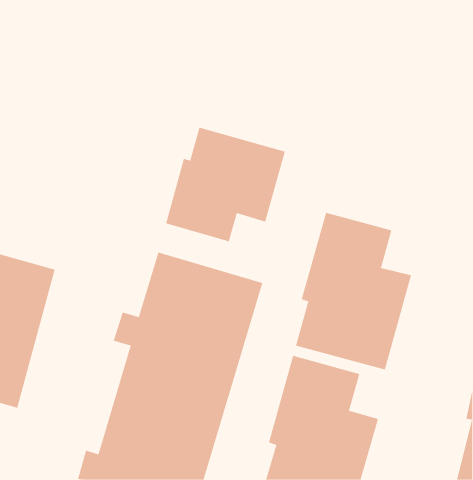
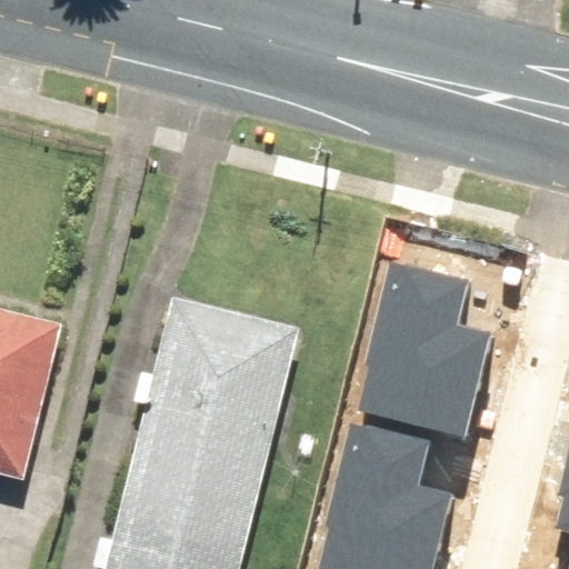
building: [166,127,285,242] -> none

